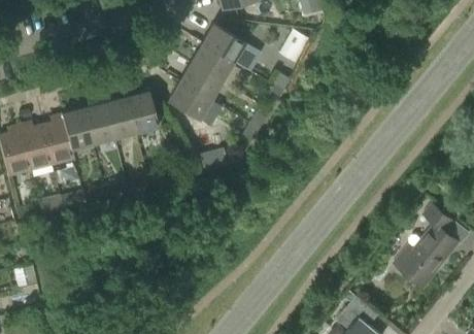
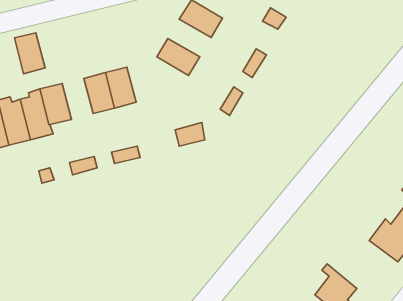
building: [190,43,233,81] -> none
building: [167,81,210,120] -> none
building: [83,103,114,144] -> [14,33,45,74]

